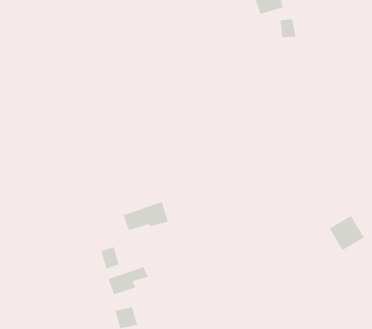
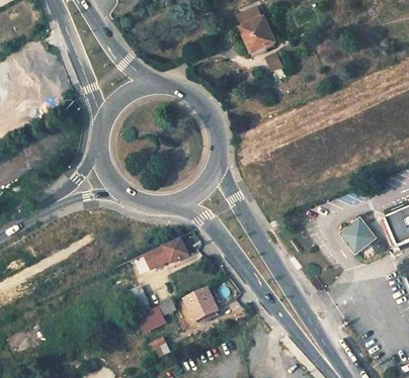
building: none -> [184,284,221,318]

